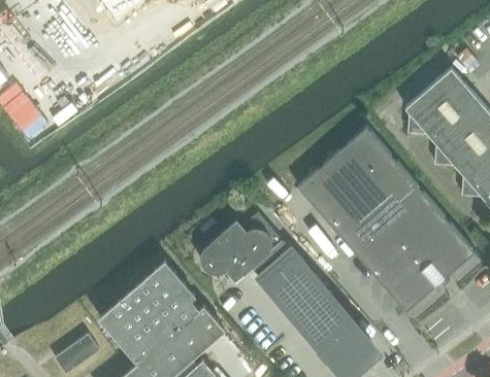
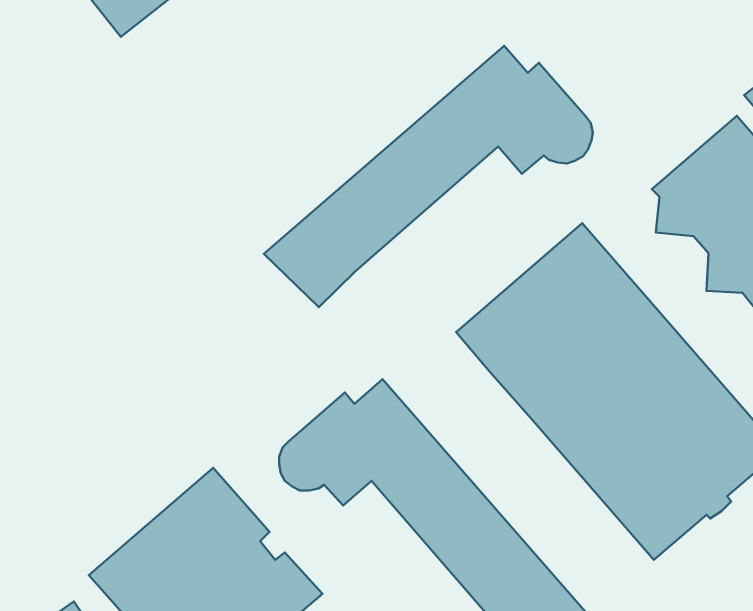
building: none -> [264,46,593,307]

